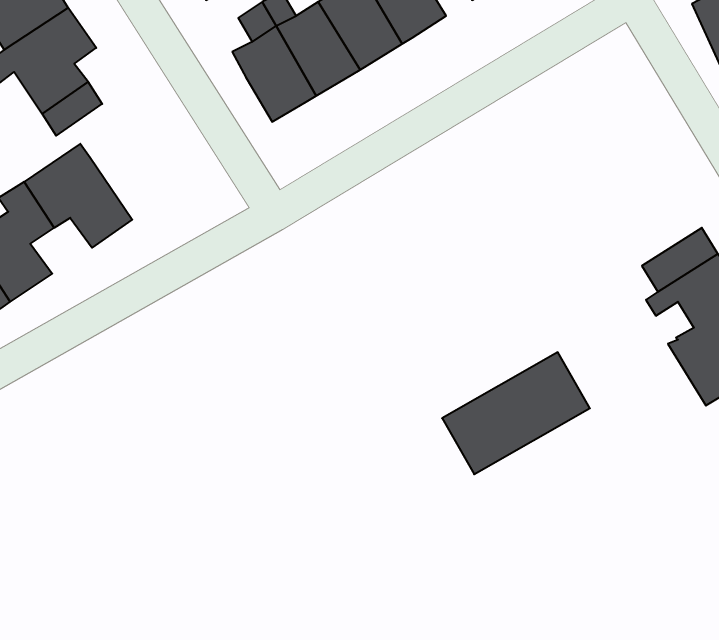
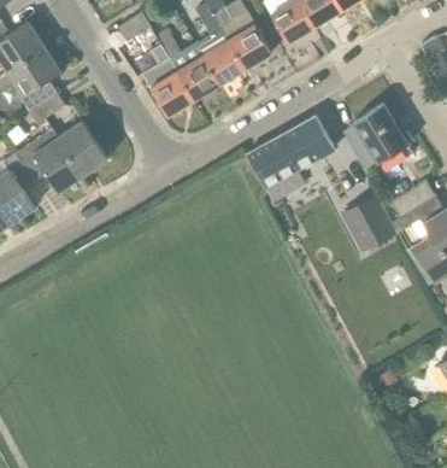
building: none -> [353,104,408,163]
building: none -> [58,121,108,175]
building: none -> [345,197,393,250]
building: [442,352,590,474] -> [247,116,336,189]

